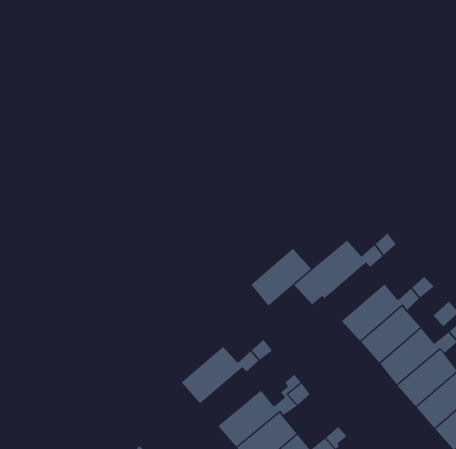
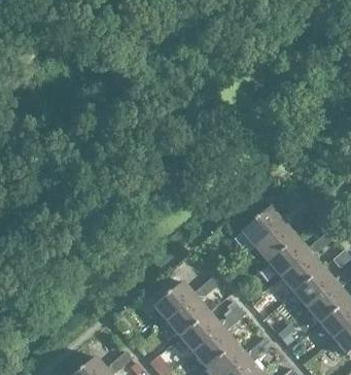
building: [251,248,312,307] -> [254,224,297,265]
building: none -> [167,298,210,339]

